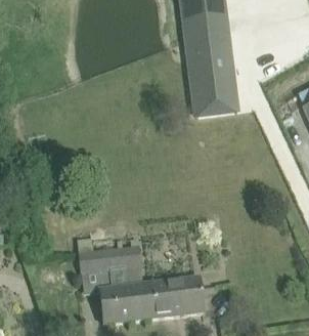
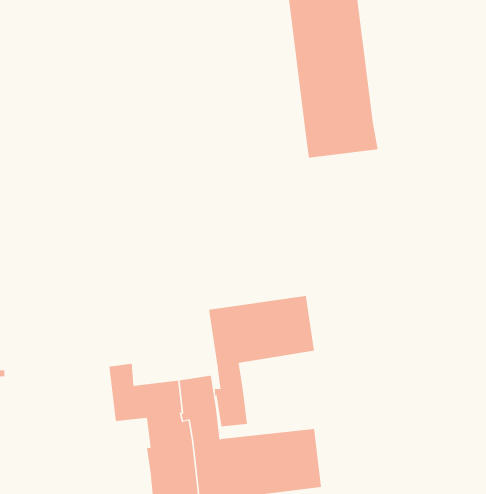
building: none -> [208,295,314,427]

